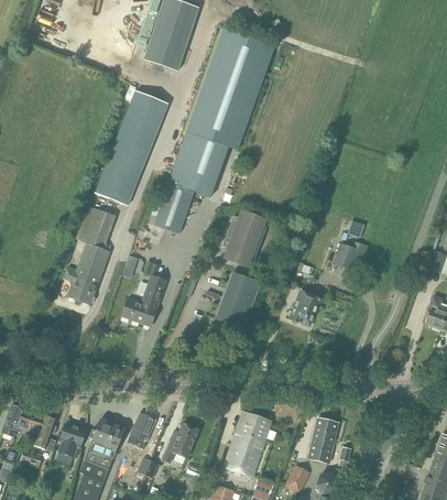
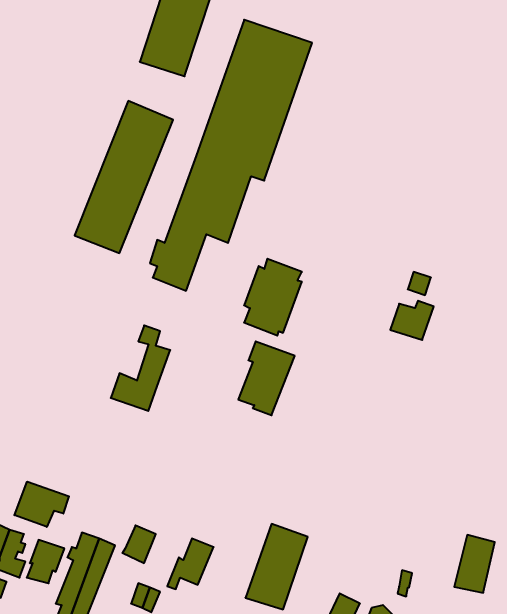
building: [63,205,115,304] -> none
building: [290,290,319,325] -> none
building: none -> [14,482,69,527]
building: [307,417,338,461] -> [454,535,495,593]

